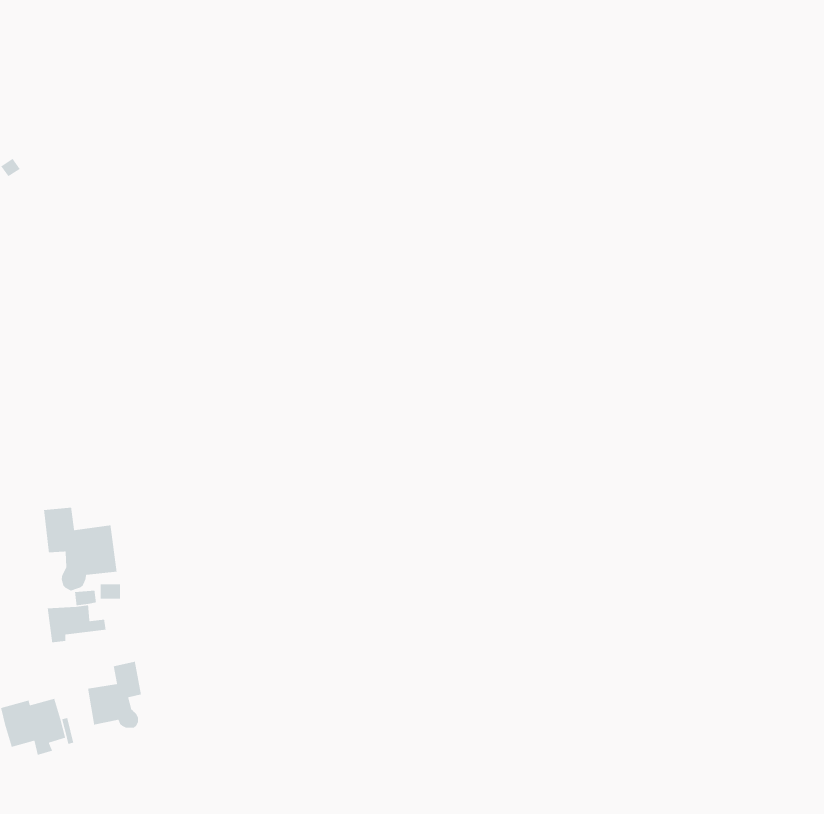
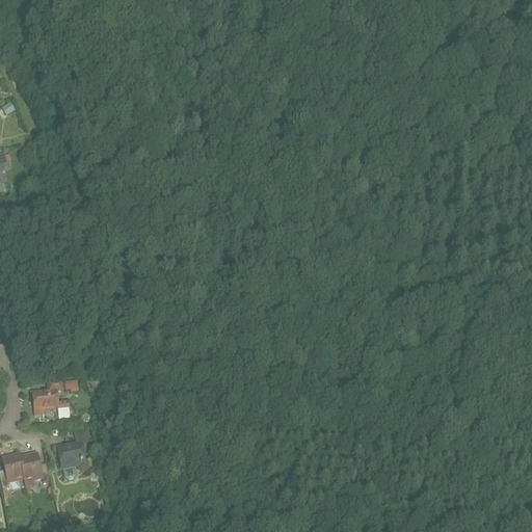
building: [43,507,118,591] -> none

